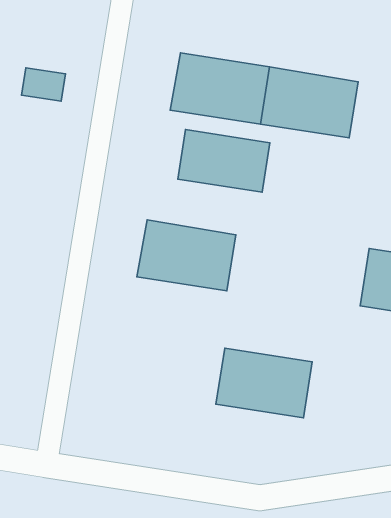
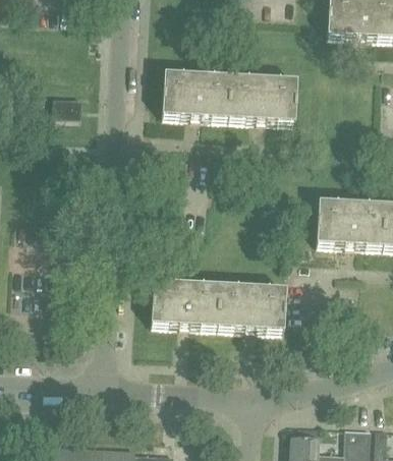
building: [178,130,270,192] -> none
building: [137,220,236,291] -> [152,282,221,328]

